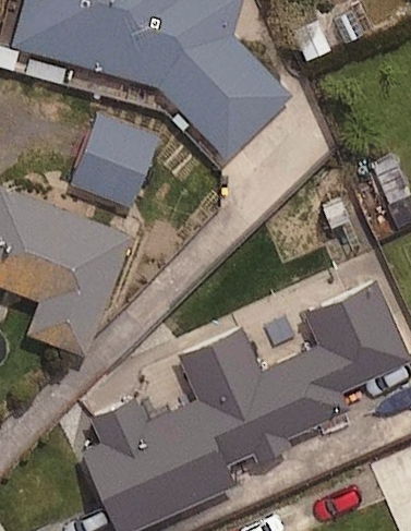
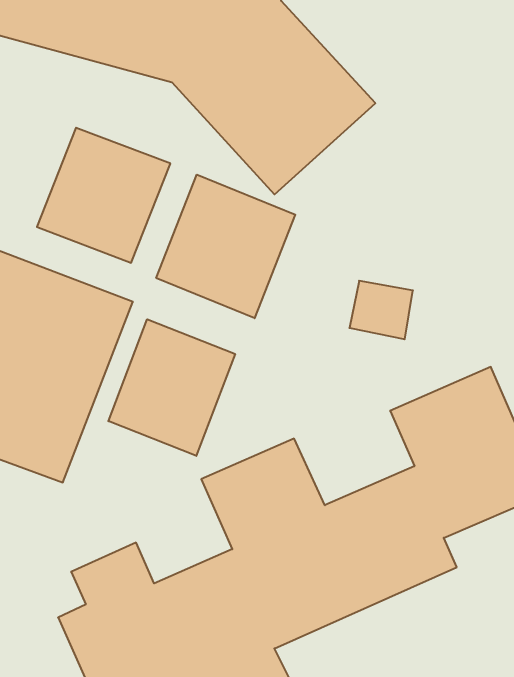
building: none -> [156,175,295,318]
building: none -> [108,319,235,456]

